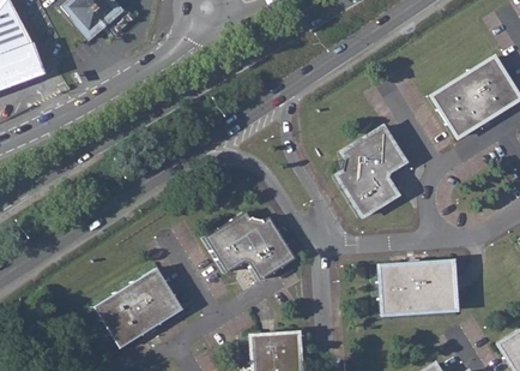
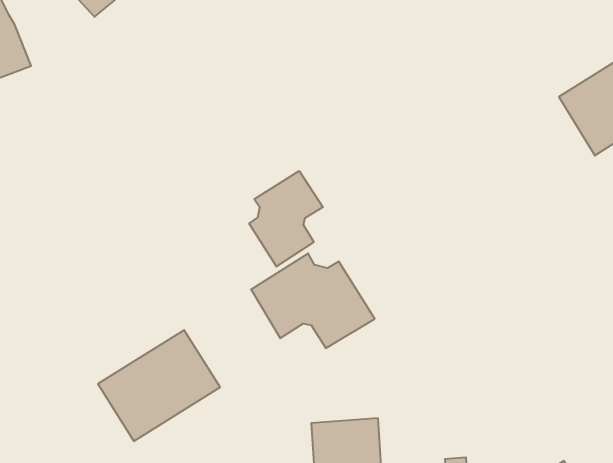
building: [337,125,406,216] -> none
building: none -> [249,171,323,267]
building: [379,261,456,315] -> none

